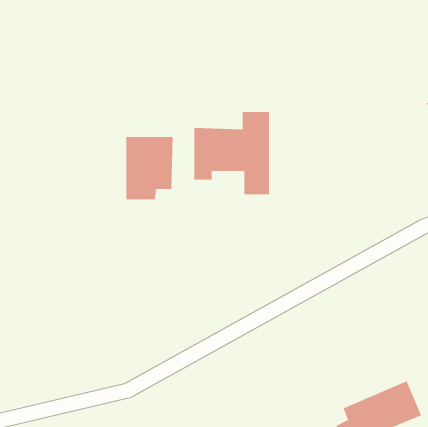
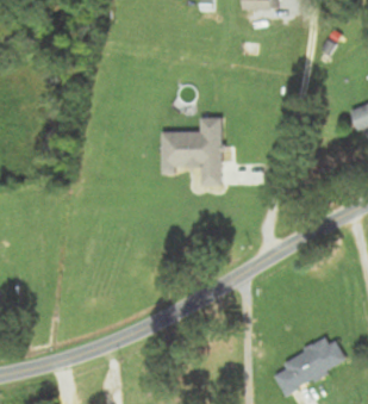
building: [126,136,173,200] -> none

